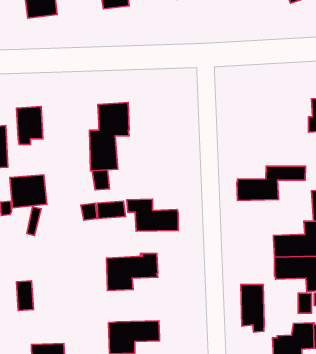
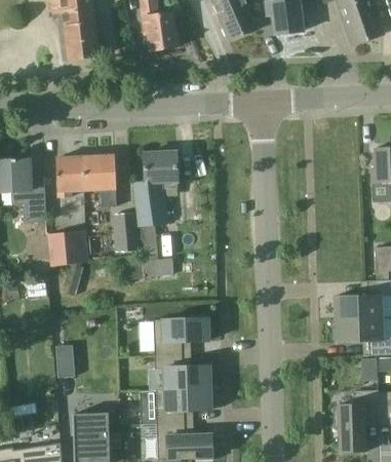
building: none -> [82,154,116,206]
building: none -> [113,211,135,251]
building: [237,166,306,200] -> none
building: [127,199,178,231] -> [154,353,209,388]
building: [241,284,264,332] -> none

